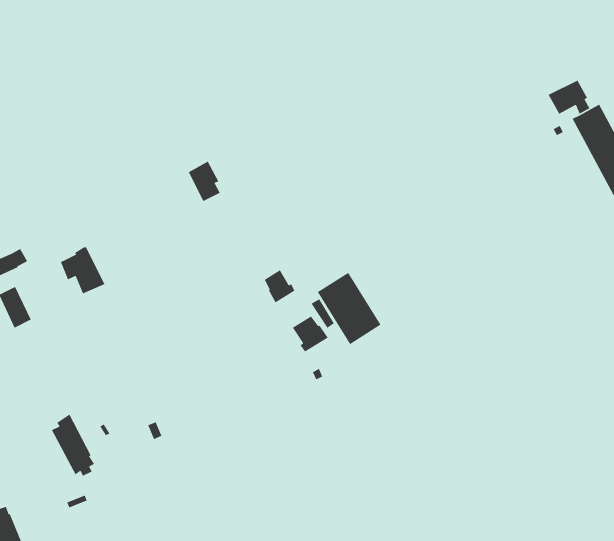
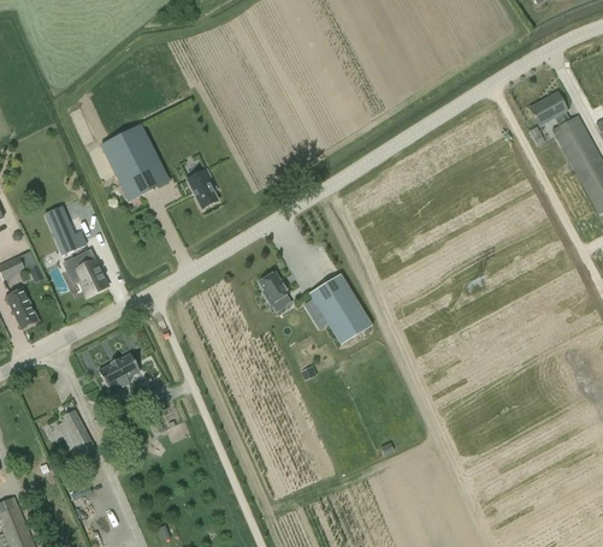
building: none -> [101,125,167,200]
building: none -> [41,207,88,263]
building: [292,316,329,352] -> none
building: none -> [99,353,140,392]

